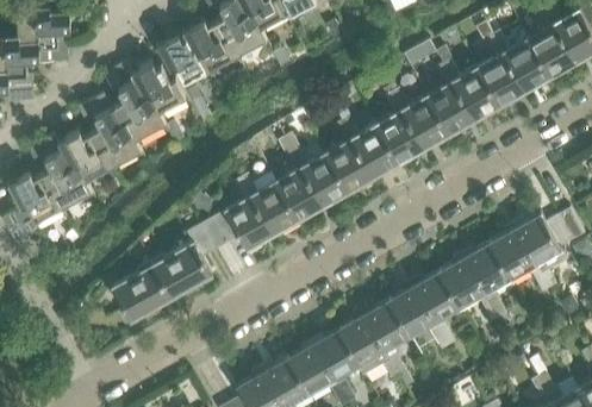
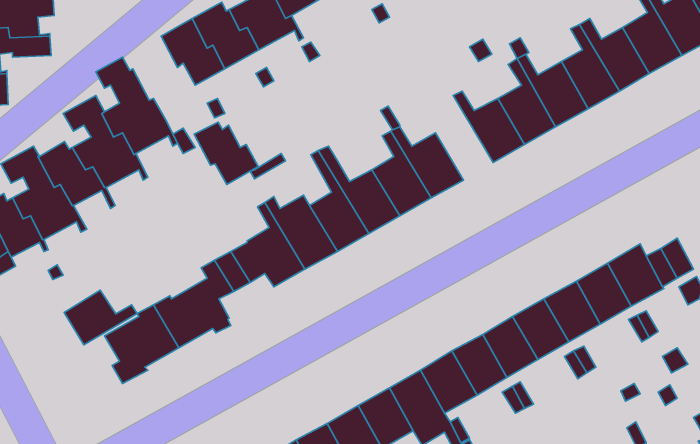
building: [133,64,185,114] -> [194,122,258,184]
building: [376,95,423,163] -> none
building: none -> [64,290,137,345]

